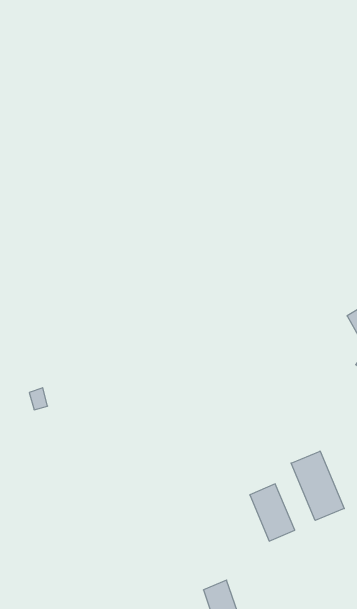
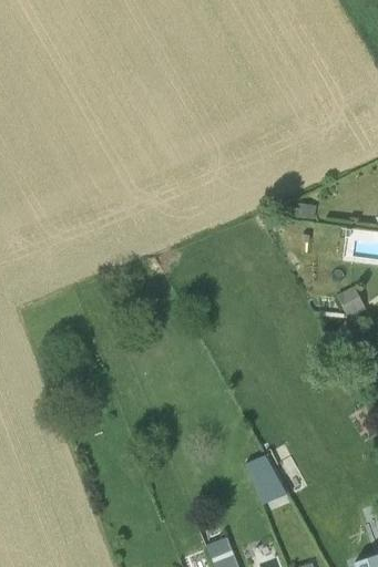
building: [291,451,344,520] -> none

